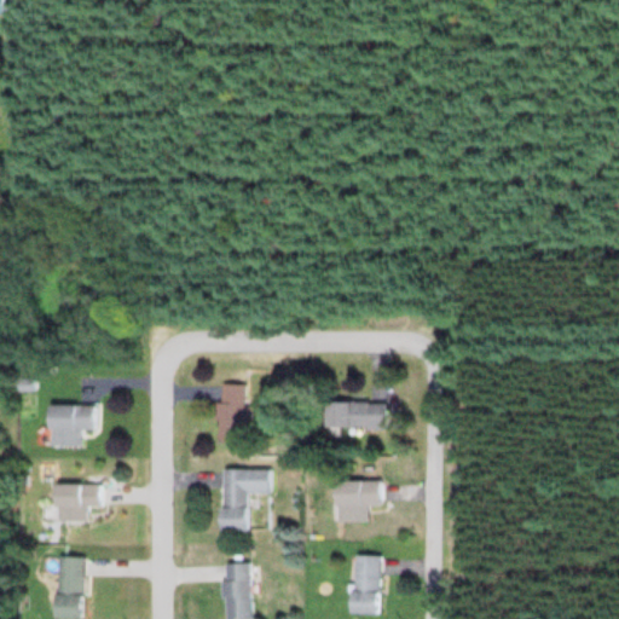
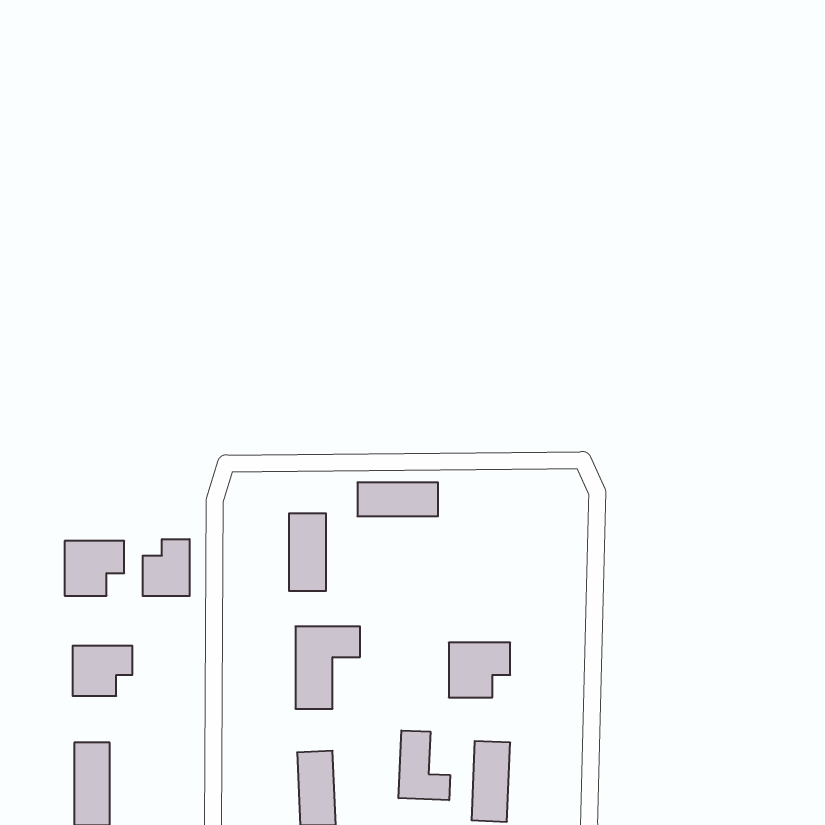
building: [325,403,386,428] -> [357,482,438,516]
building: none -> [143,539,190,596]
building: none -> [399,730,450,800]

